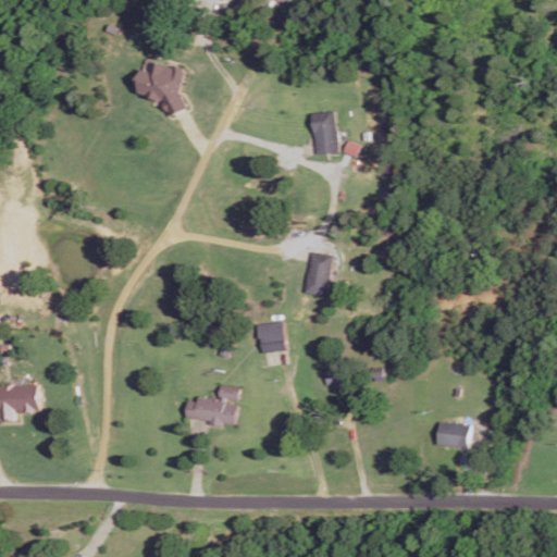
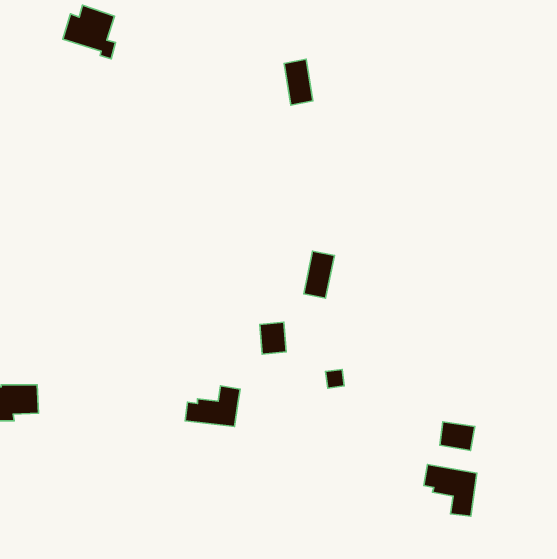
building: [133,60,185,113] -> [63,5,115,59]
building: [310,110,338,156] -> [284,59,313,105]
building: none -> [424,464,477,516]

